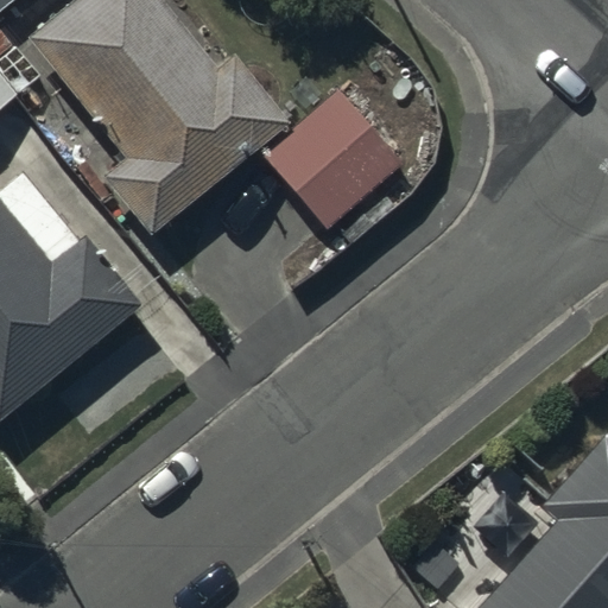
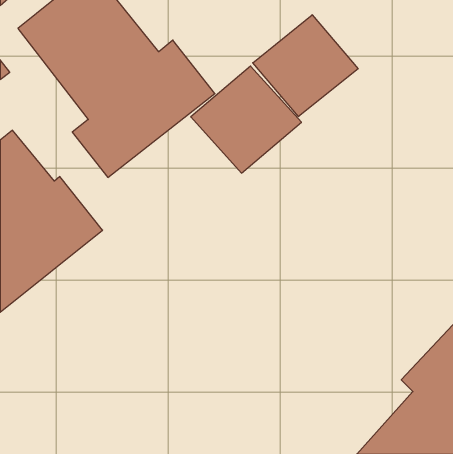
building: none -> [253,15,358,117]

